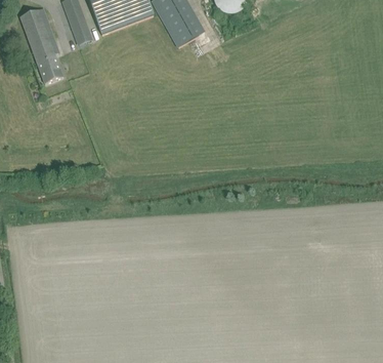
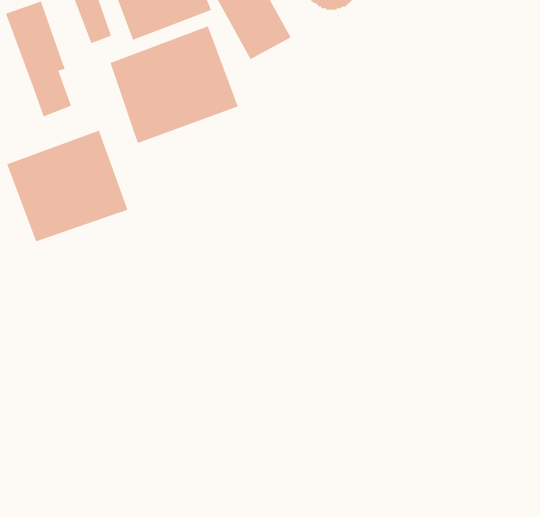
building: none -> [110,25,239,144]
building: none -> [7,130,128,242]

